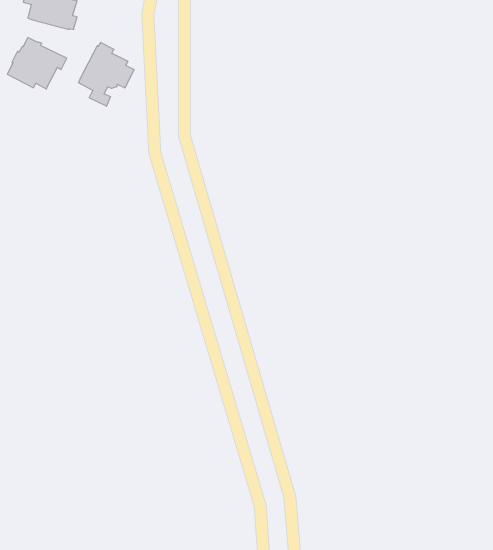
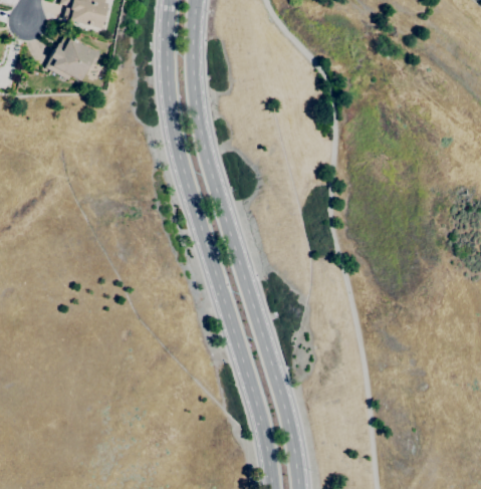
building: [79,42,134,106] -> none

